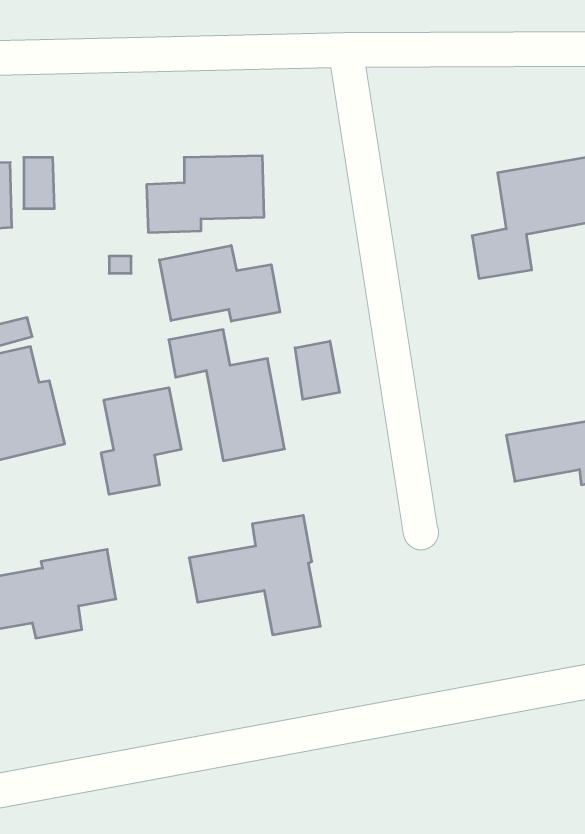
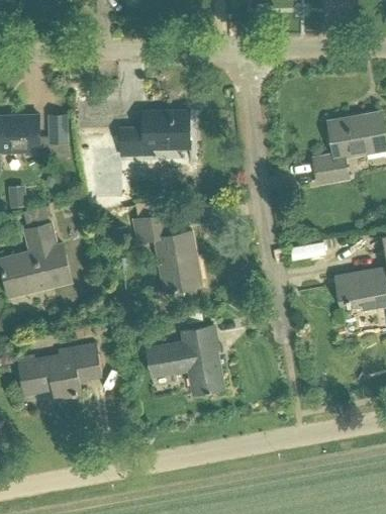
building: [159,245,280,321] -> none
building: [295,341,340,399] -> none
building: [101,388,181,494] -> none

